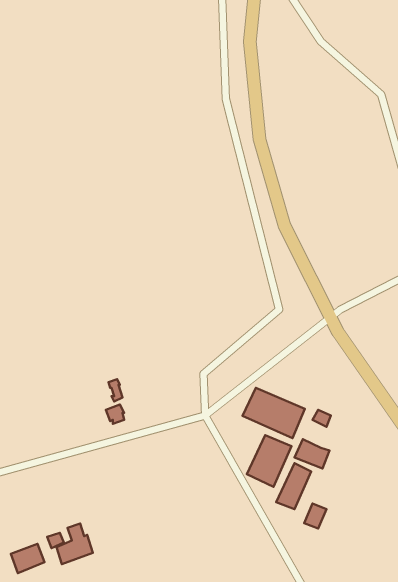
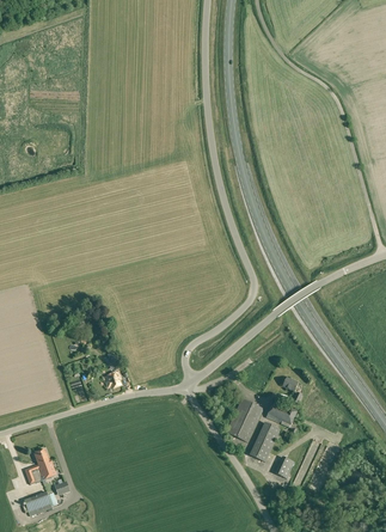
building: [242,388,305,438] -> none
building: [56,524,93,564] -> [25,450,56,484]

